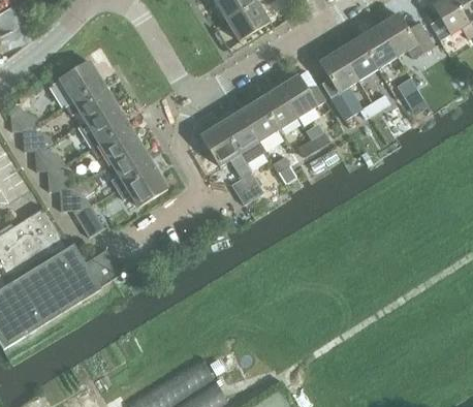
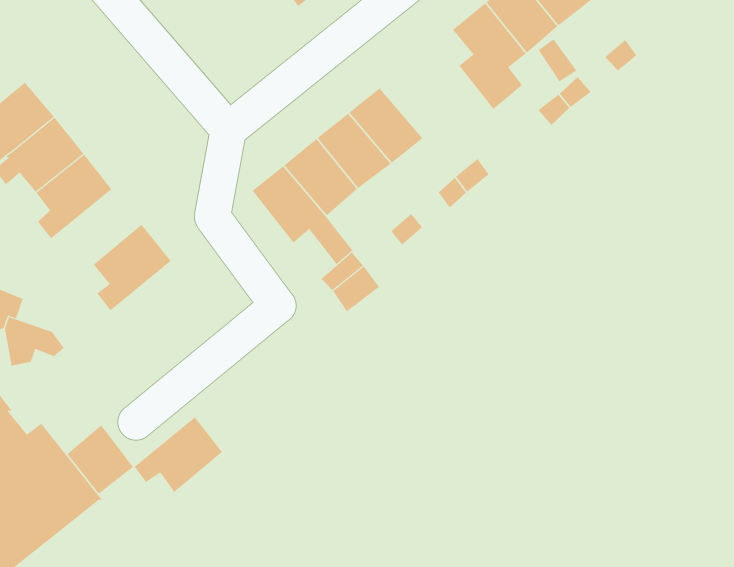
building: [277,75,324,119] -> none
building: [91,125,140,164] -> none
building: [118,167,166,207] -> [134,417,223,493]
building: [72,206,104,239] -> none

